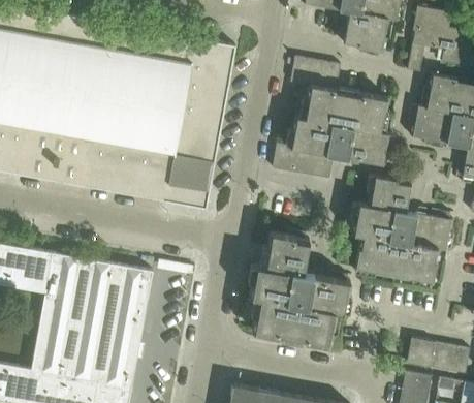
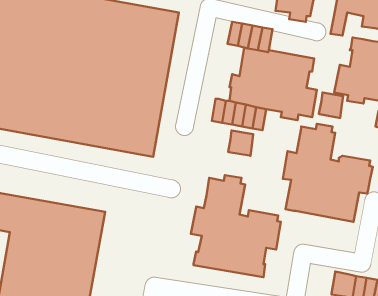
building: none -> [319,92,343,118]
building: none -> [228,131,253,156]

